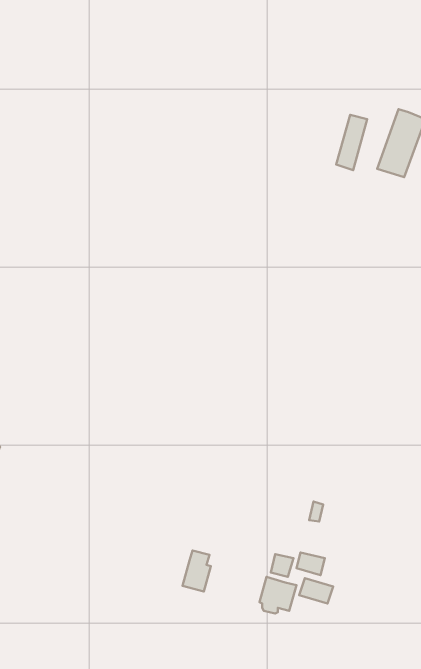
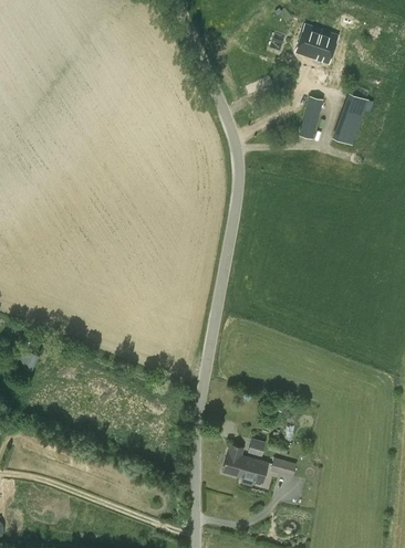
building: none -> [295,27,338,65]
building: [183,551,211,592] -> [222,445,245,477]

